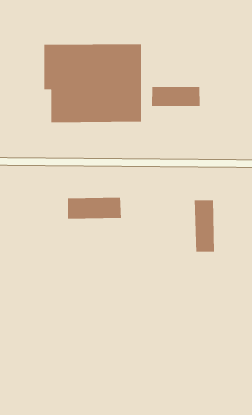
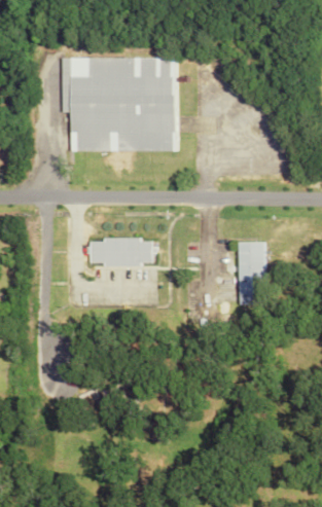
building: [151,86,201,107] -> none

